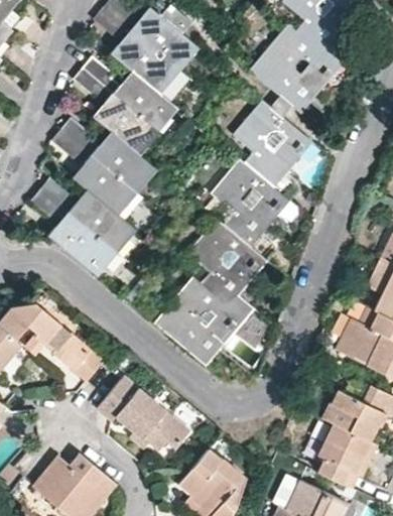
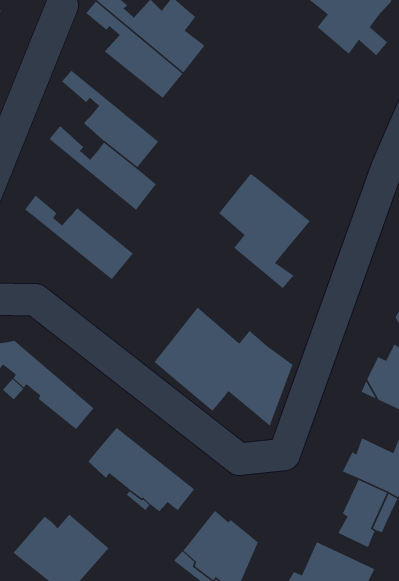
building: [250,24,349,113] -> none
building: [83,55,178,130] -> none
building: [234,99,313,200] -> none
building: [53,128,139,214] -> none
building: [32,189,118,276] -> none
building: [187,217,267,308] -> none

